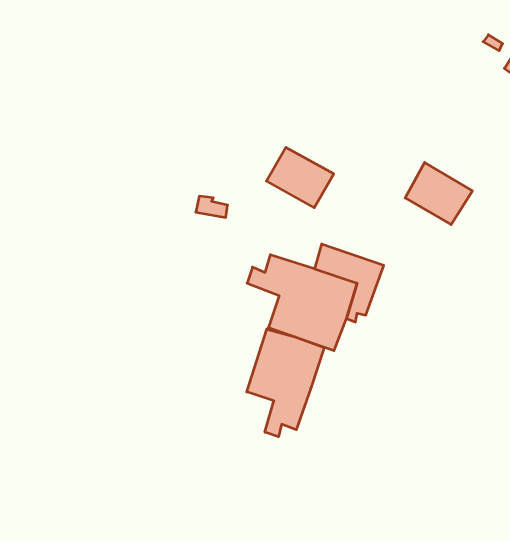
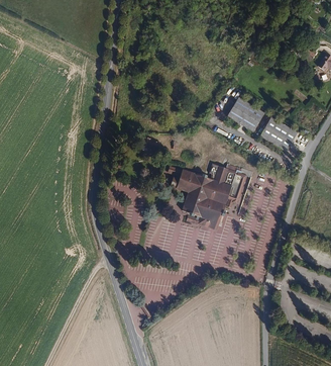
building: [266,147,334,208] -> [227,96,265,130]
building: [247,329,324,437] -> none

